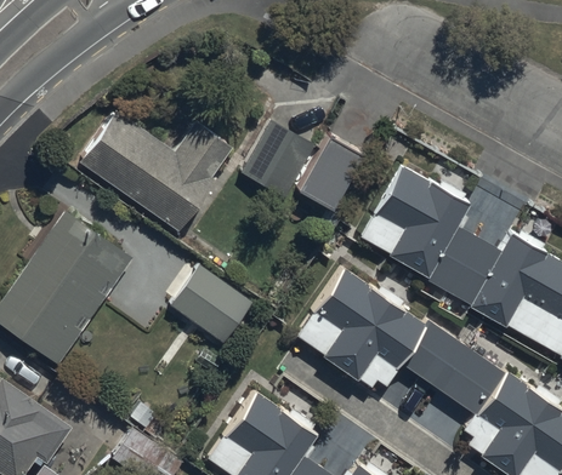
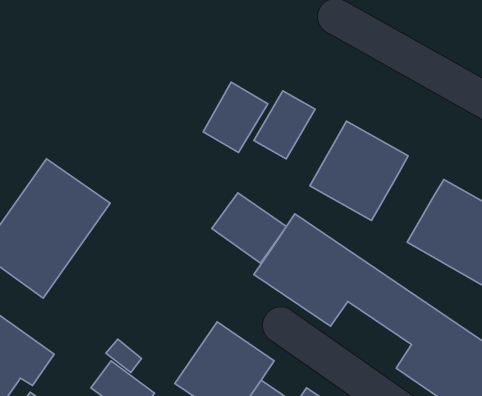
building: [80,110,235,230] -> none
building: [428,225,499,301] -> none
building: [169,265,252,344] -> [212,193,286,263]

